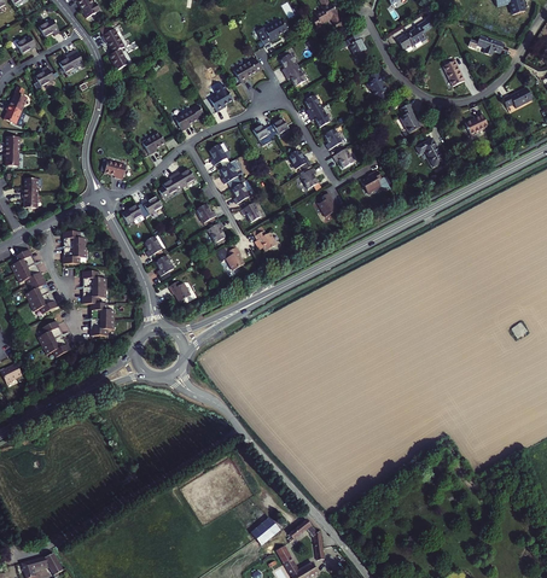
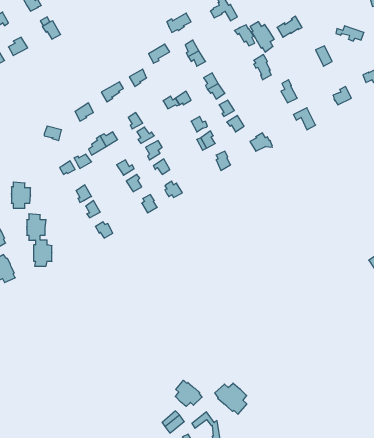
building: none -> [250,22,274,52]
building: none -> [175,380,202,406]
building: none -> [215,383,247,414]

